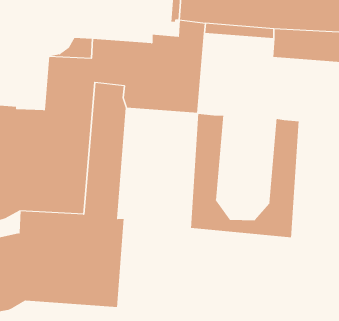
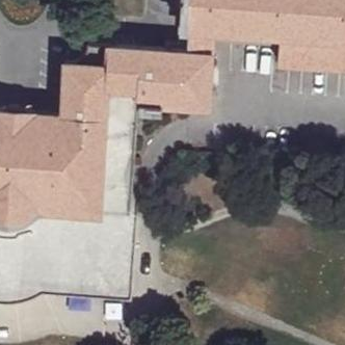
building: [190,113,299,238] -> none

